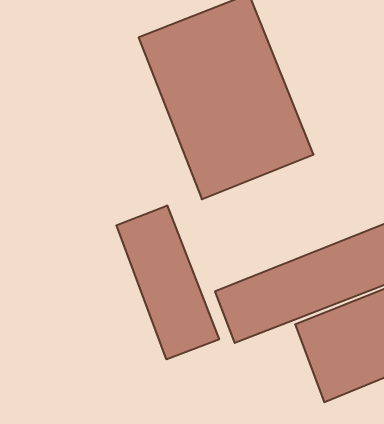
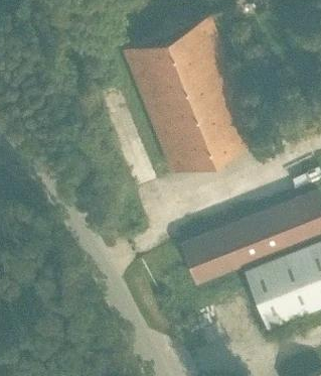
building: [116,205,219,359] -> none

